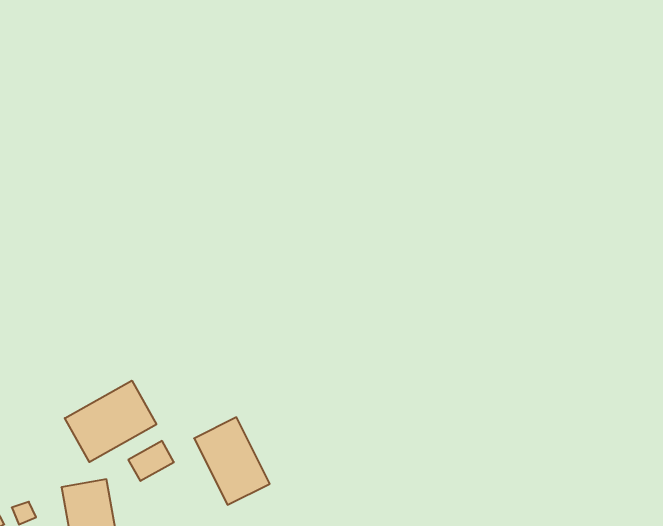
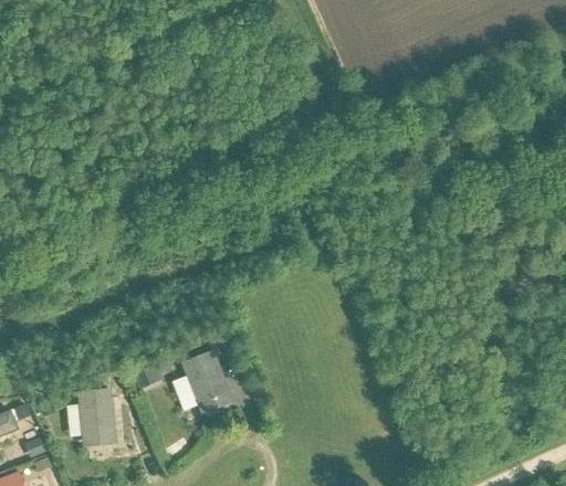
building: [65,381,156,462] -> none

